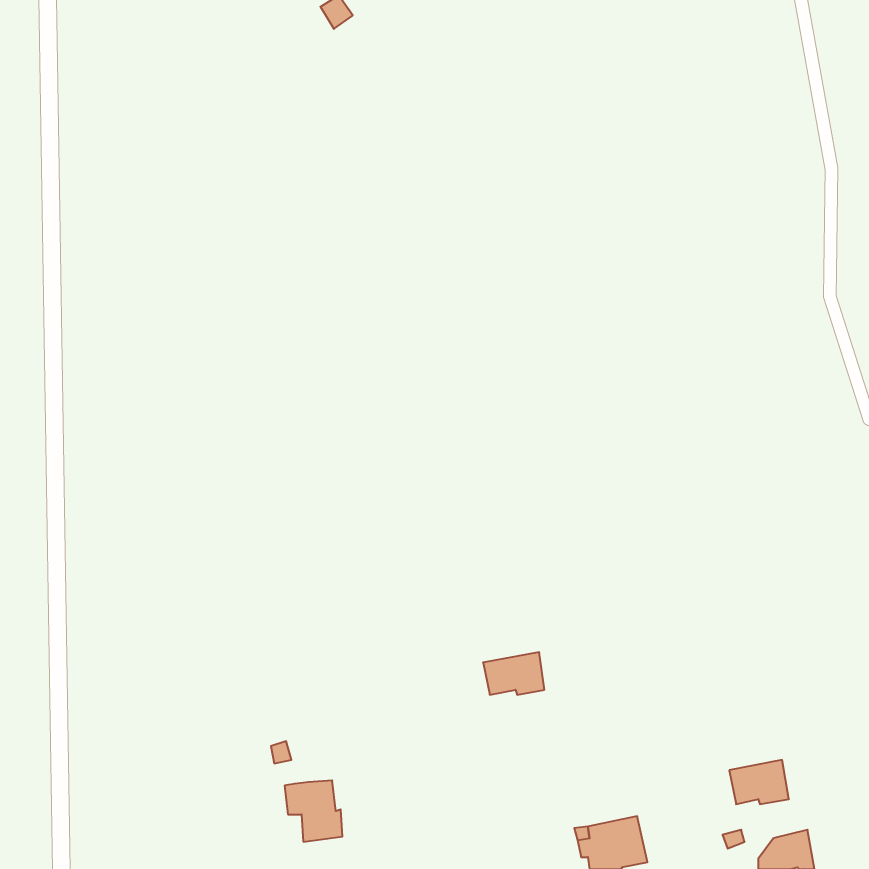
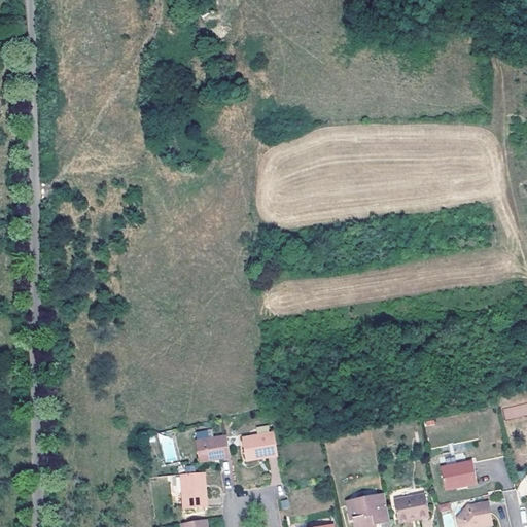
building: [483,652,544,695] -> [237,431,274,457]
building: none -> [194,433,230,459]
building: none -> [395,493,430,520]

